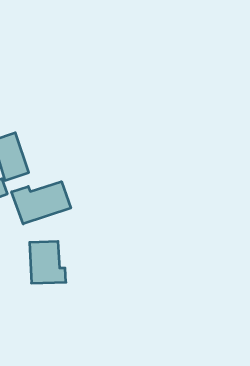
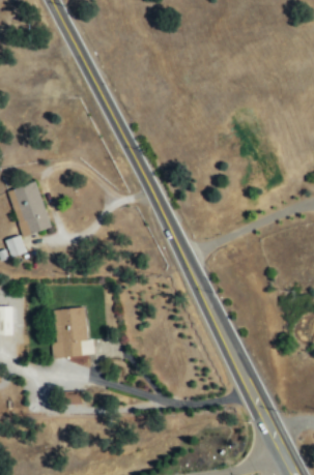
building: [12,182,71,224] -> none

